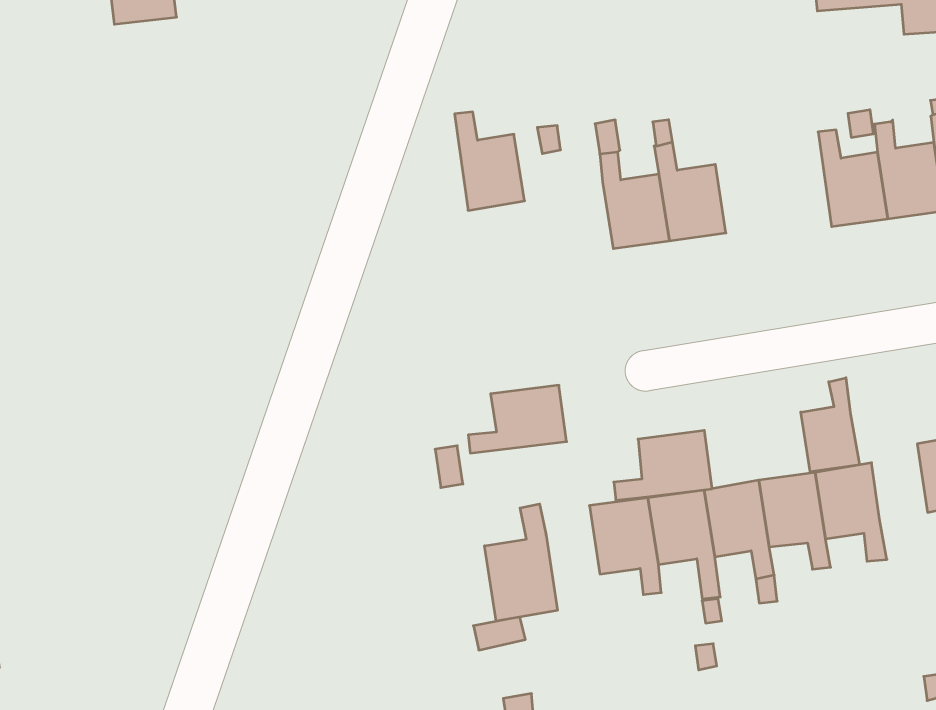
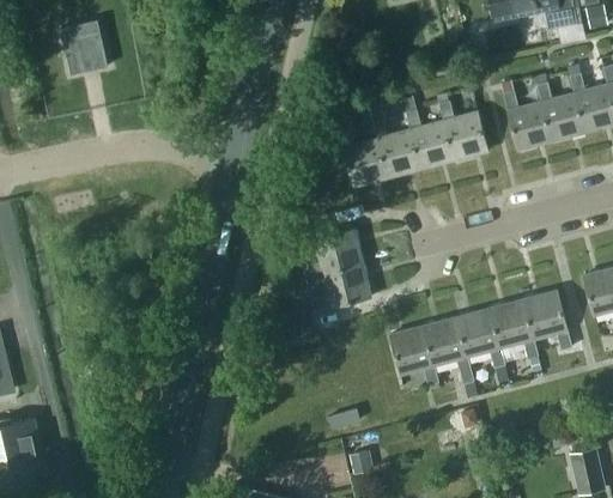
building: [455,112,525,210] -> [339,127,387,187]
building: none -> [438,101,487,160]
building: [801,378,860,472] -> none
building: [614,430,712,500] -> [303,229,363,277]
building: [485,504,557,621] -> none

